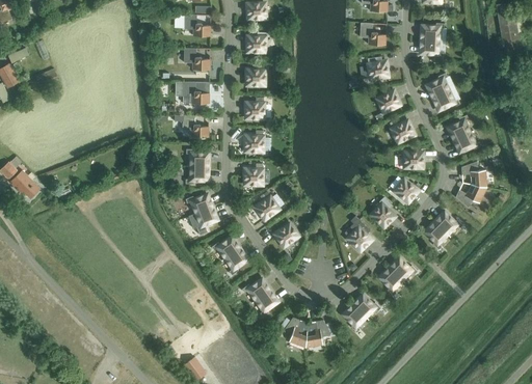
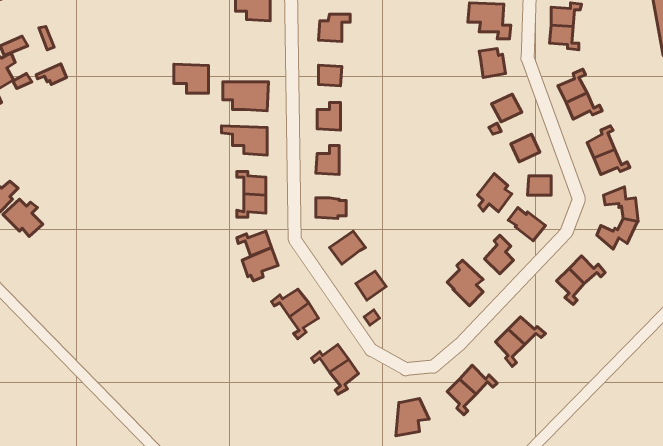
building: [182,47,208,68] -> [174,64,208,93]
building: none -> [477,173,512,212]
building: [282,317,305,347] -> none

